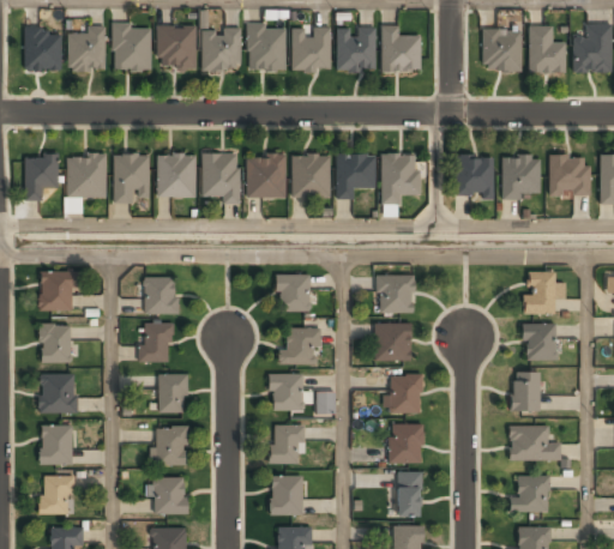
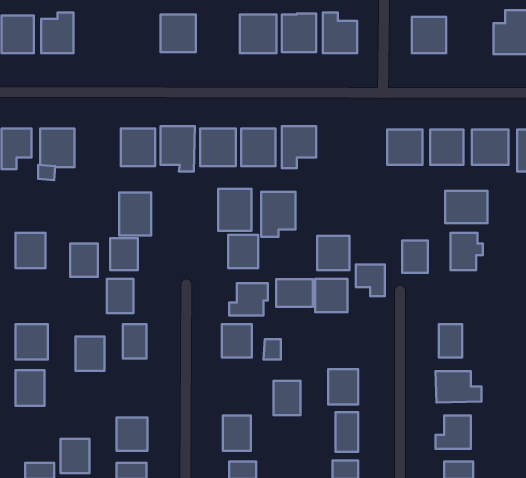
building: [113,25,151,73] -> none
building: [157,26,195,70] -> none
building: [247,26,285,72] -> none
building: [529,26,565,73] -> none
building: [381,153,420,204] -> [261,192,296,237]
building: [113,155,149,203] -> [119,192,151,235]
building: none -> [218,189,251,231]
building: none -> [445,191,488,223]
building: none -> [356,265,385,296]
building: none -> [276,279,313,307]
building: [40,325,71,362] -> [70,244,98,277]
building: [525,325,554,361] -> [402,241,428,273]
building: [390,375,421,414] -> none
building: [271,426,301,464] -> [274,381,300,415]
building: [155,427,187,465] -> [76,336,105,371]
building: [41,476,73,514] -> [60,439,89,473]

